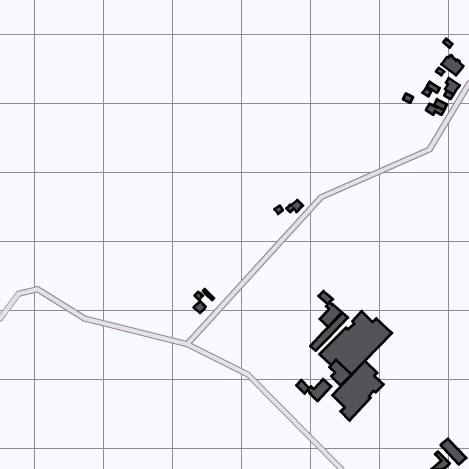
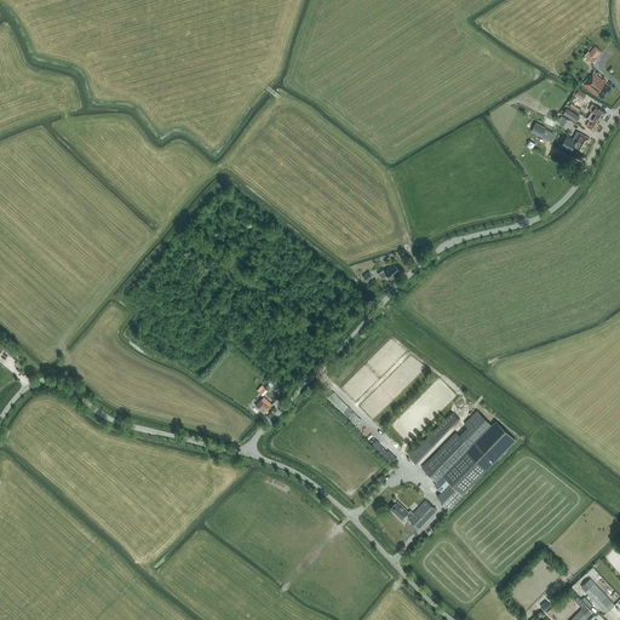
building: [318,291,342,327] -> none
building: [332,361,384,421] -> none

